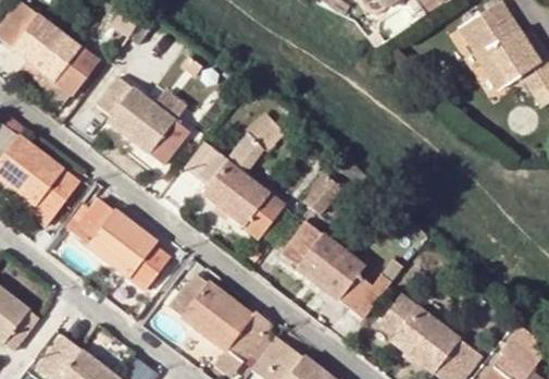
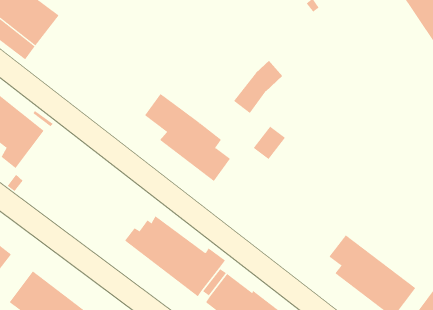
building: [85,65,189,162] -> none
building: [227,114,282,173] -> [233,60,283,114]
building: [75,199,165,284] -> none
building: [278,217,389,316] -> none

